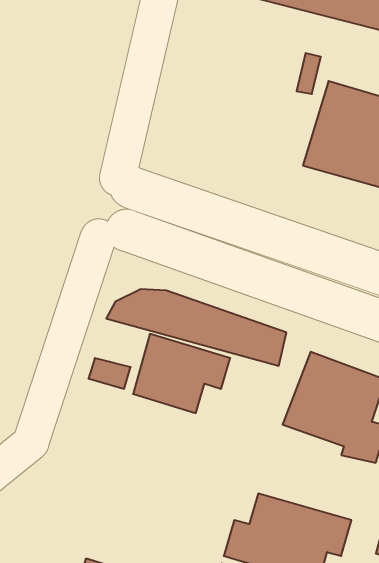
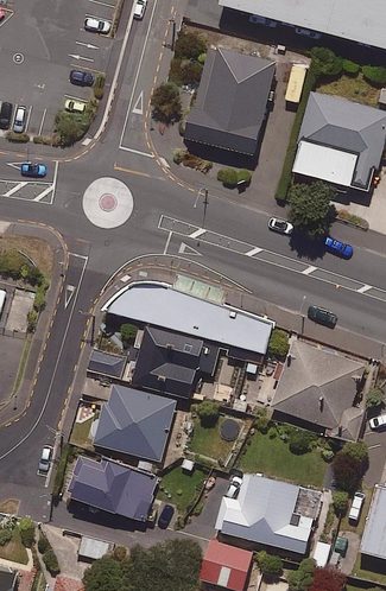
building: none -> [179,45,274,153]
building: none -> [94,380,179,460]
building: none -> [75,449,162,520]

